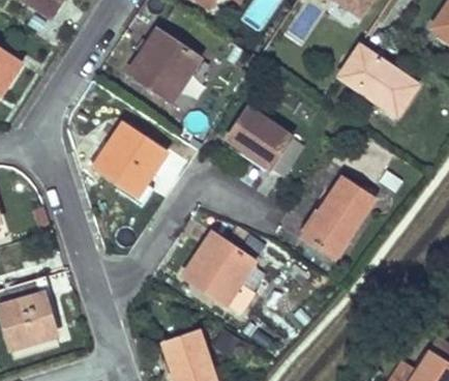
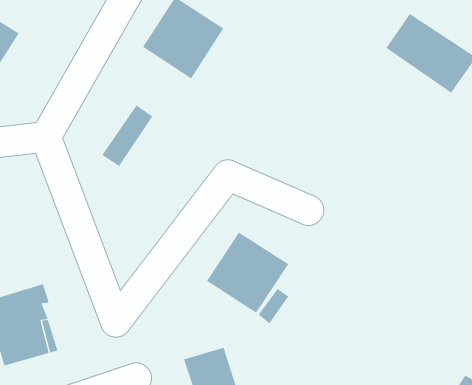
building: [227,107,303,175] -> none
building: [109,134,166,195] -> none
building: [304,176,373,256] -> none

